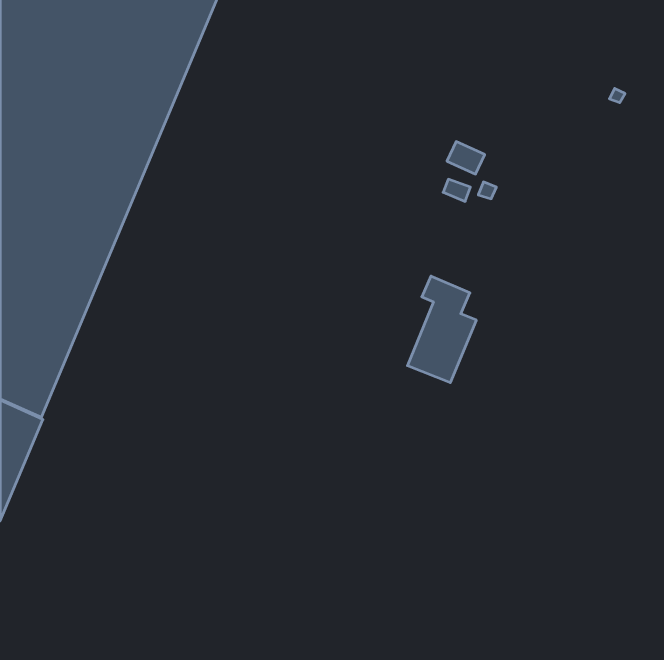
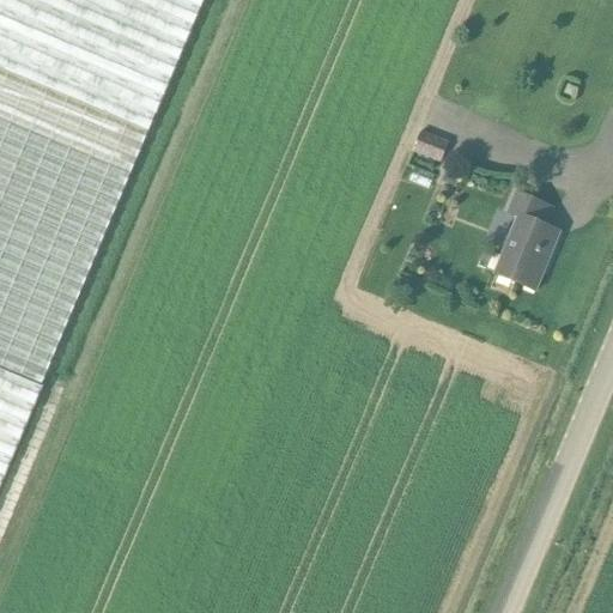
building: [407,276,476,383] -> [493,190,557,289]

